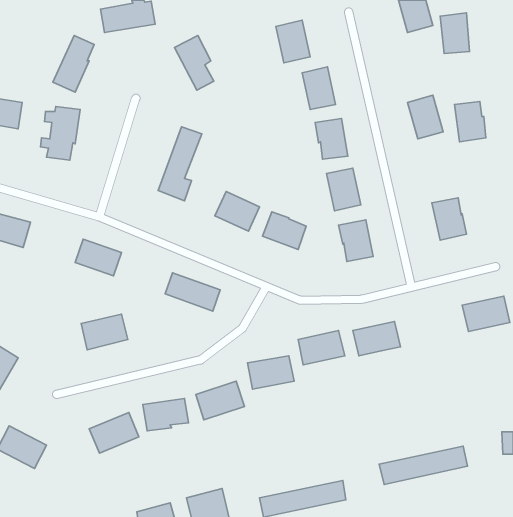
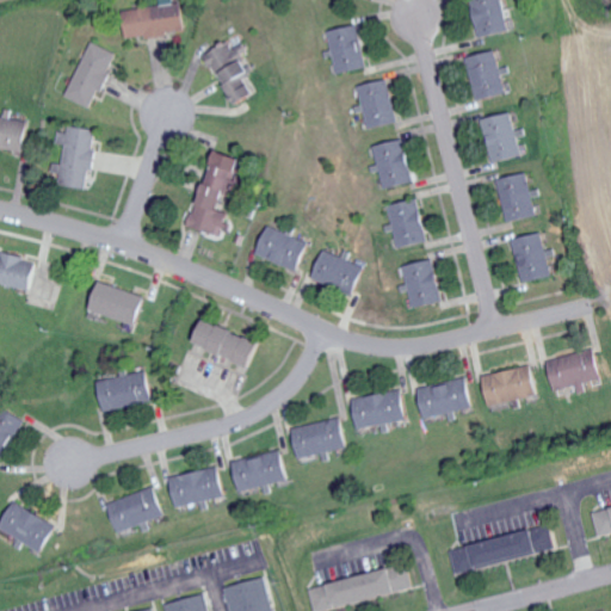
building: [440,13,470,54] -> [468,53,502,100]
building: [454,101,486,142] -> [496,175,533,223]
building: none -> [481,368,535,406]

